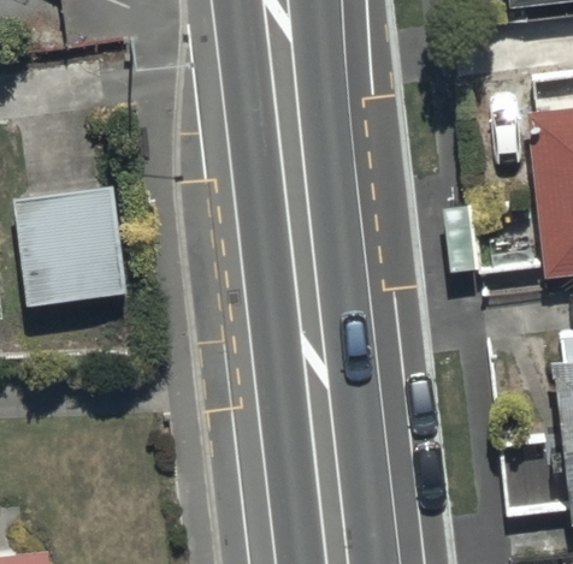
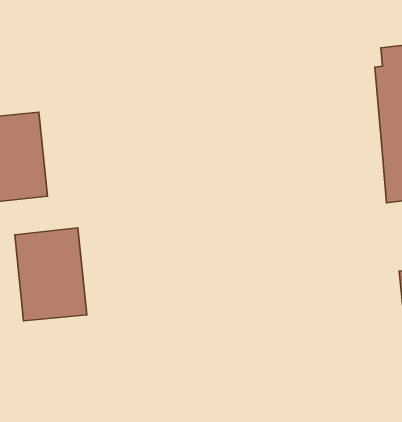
building: none -> [15,228,87,321]

